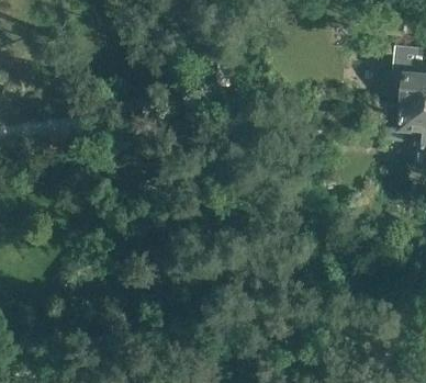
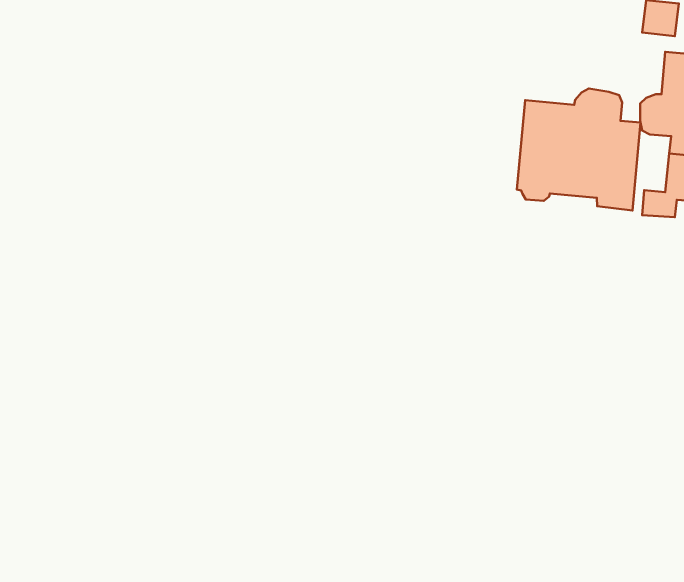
building: none -> [517,89,641,210]

